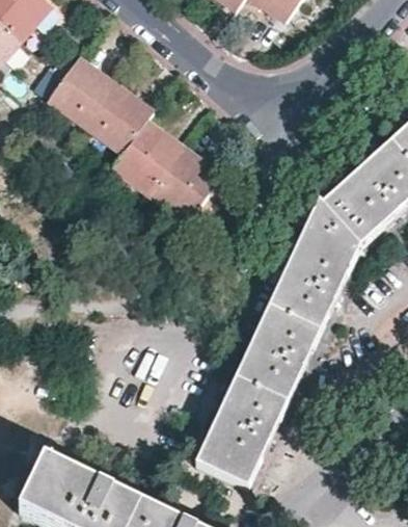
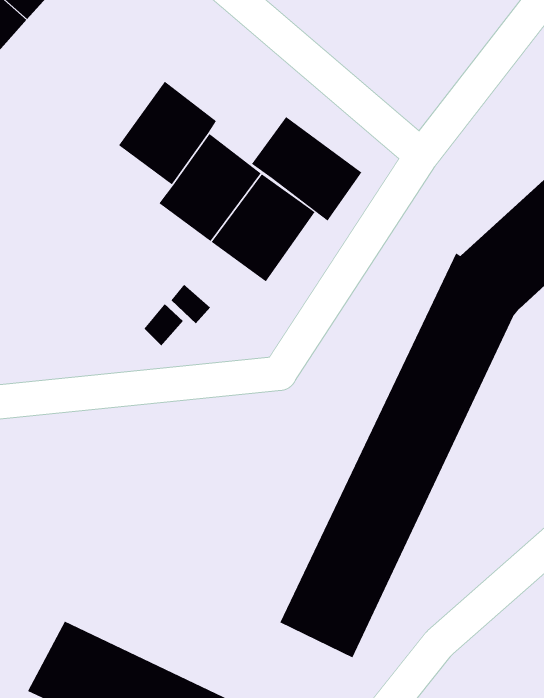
building: [46,55,115,127] -> none
building: none -> [251,116,362,221]

